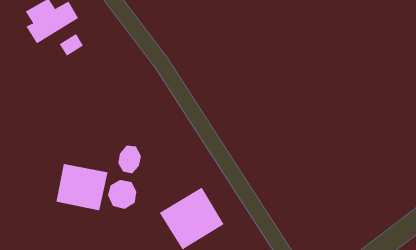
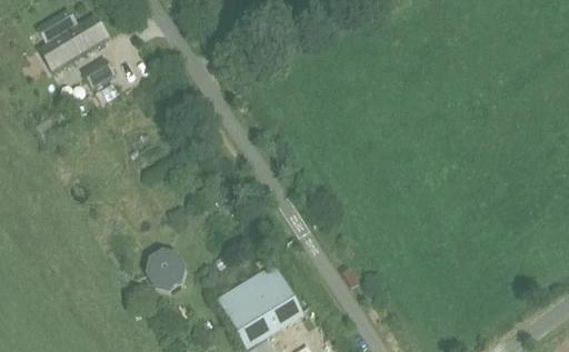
building: [118,145,142,174] -> none
building: [56,163,108,211] -> none

